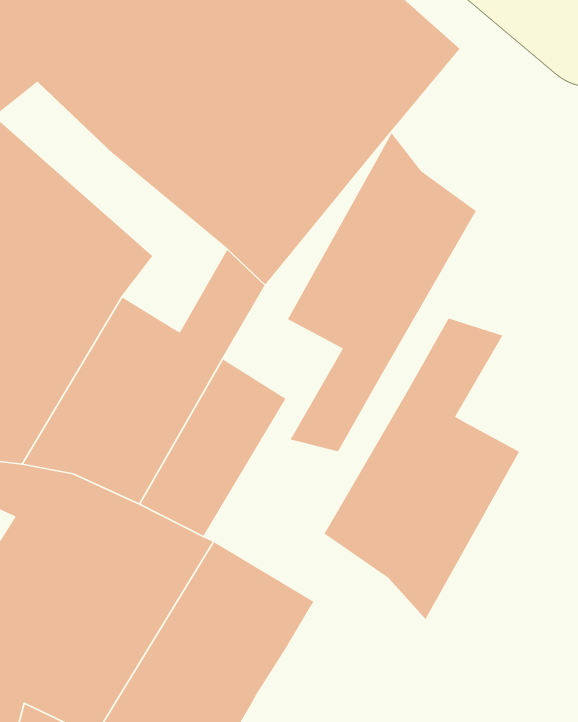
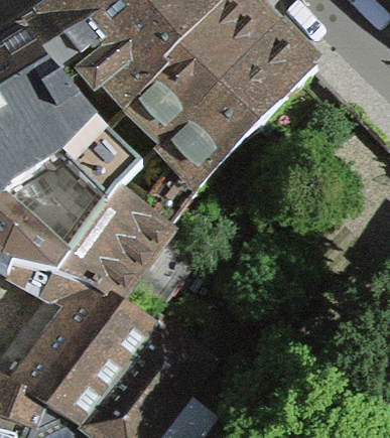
building: [287,132,477,452] -> none
building: [324,318,520,620] -> none

